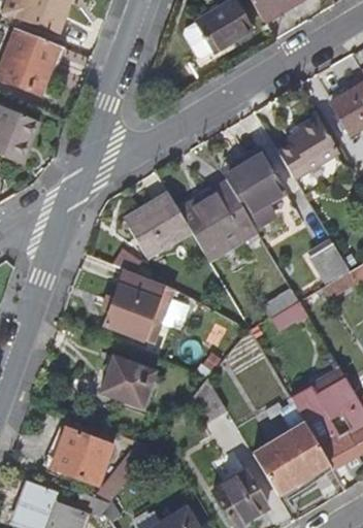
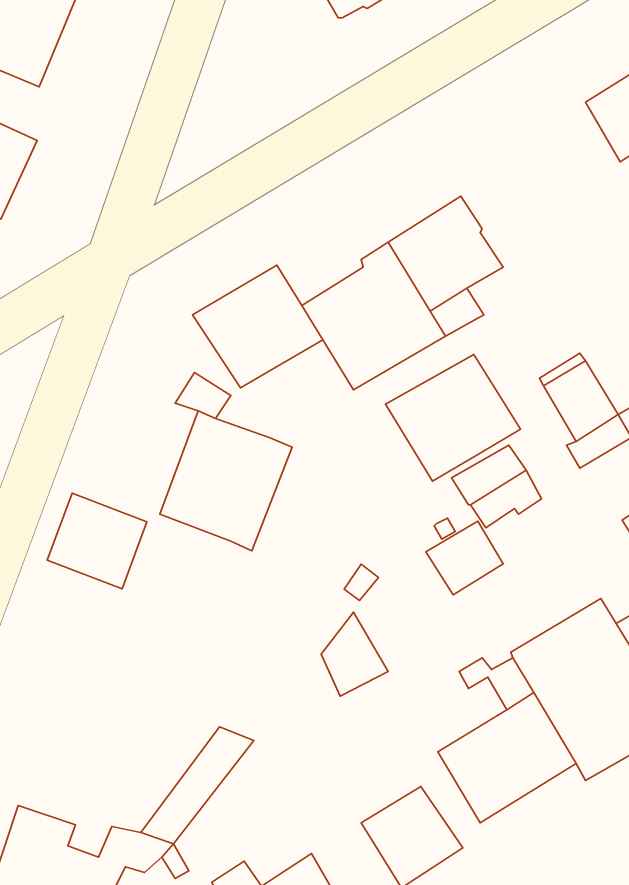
building: [280,118,341,178] -> none
building: none -> [385,355,520,481]
building: none -> [426,521,503,595]
building: [99,359,153,410] -> [47,493,147,589]
building: [51,429,113,484] -> none

